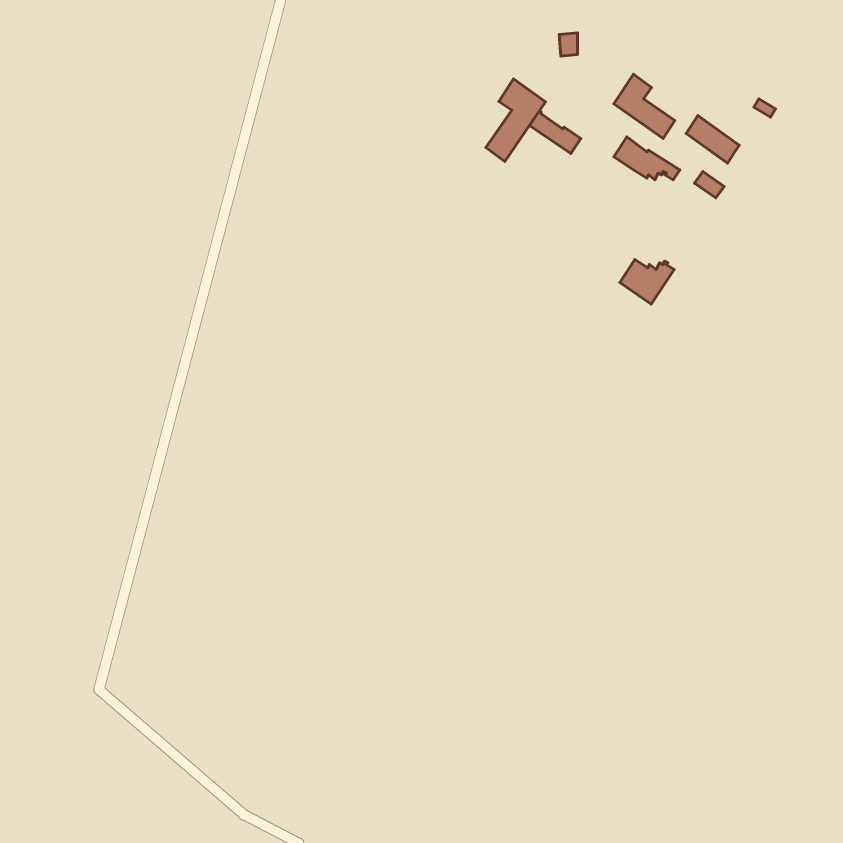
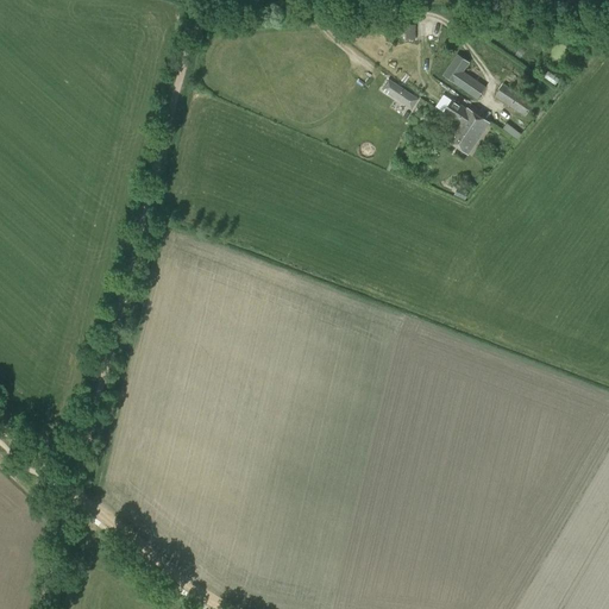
building: [486,79,545,162] -> none
building: [620,260,674,304] -> [446,123,485,155]

